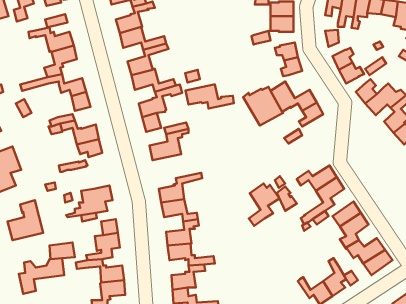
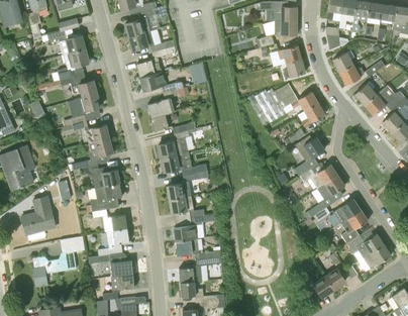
building: [185,84,234,109] -> [161,152,207,176]
building: none -> [83,165,119,186]
building: [249,184,279,226] -> [295,135,324,176]

